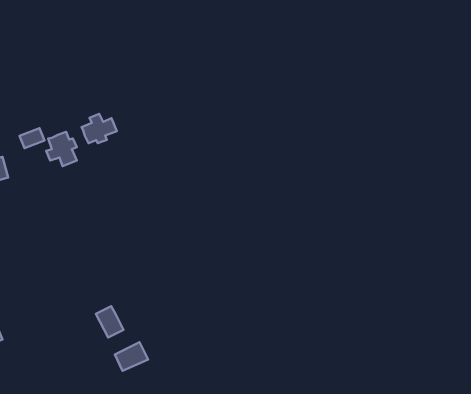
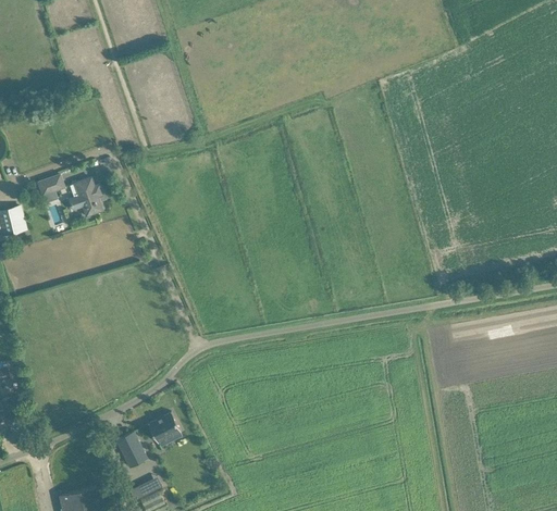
building: [81,114,117,143] -> none
building: [96,306,124,337] -> [114,431,146,466]

